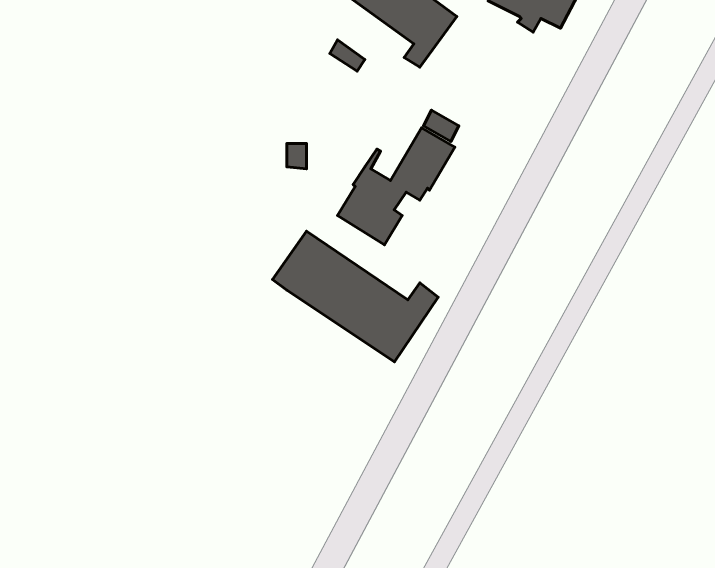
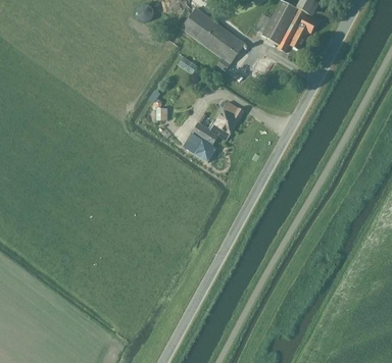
building: [272,231,438,362] -> none

